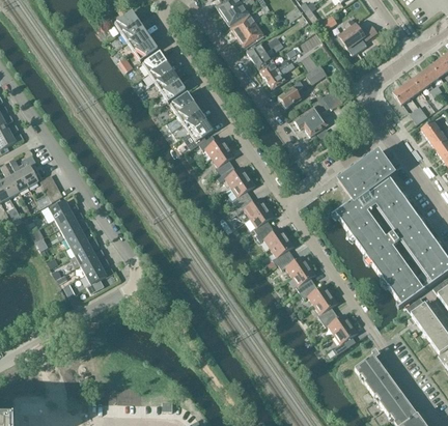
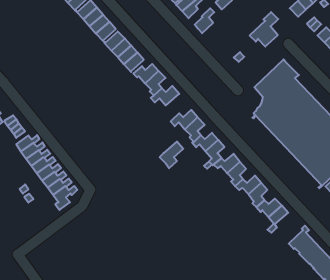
building: [295,96,331,136] -> [250,12,278,47]
building: [227,175,256,205] -> [160,142,183,168]

